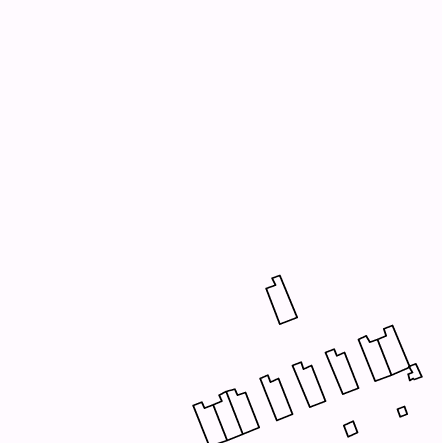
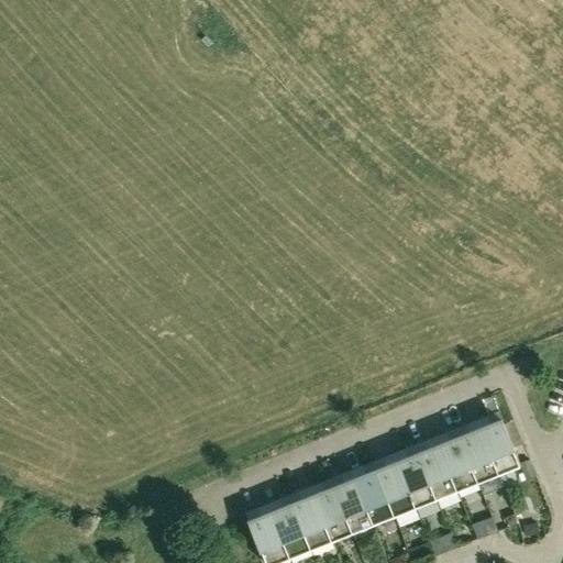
building: [266,276,297,324] -> [394,448,433,509]
building: none -> [435,431,474,493]
building: none -> [352,464,391,526]
building: none -> [310,481,350,542]

